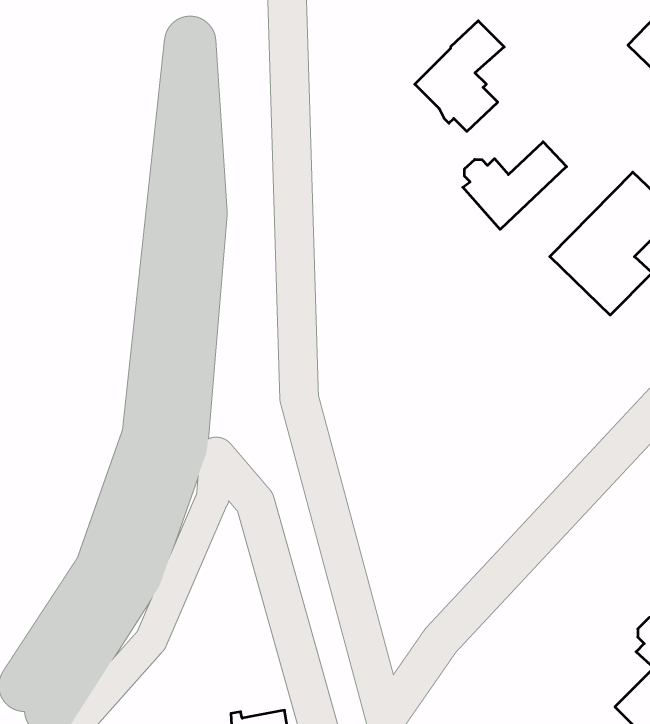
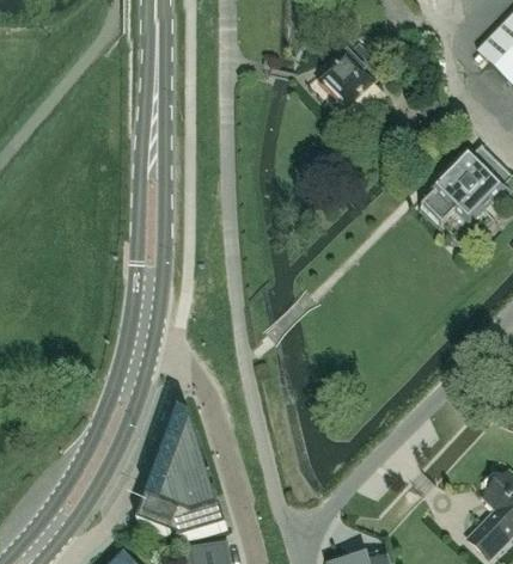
building: [463,142,567,229] -> none
building: none -> [136,423,225,540]

